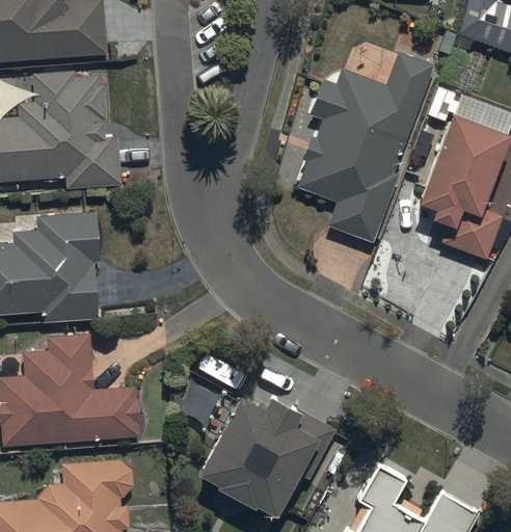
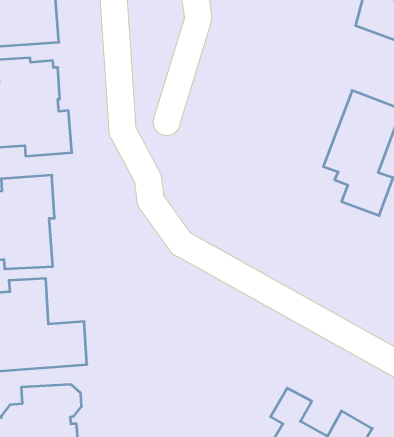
building: [297,50,434,241] -> none
building: [200,395,337,516] -> none

